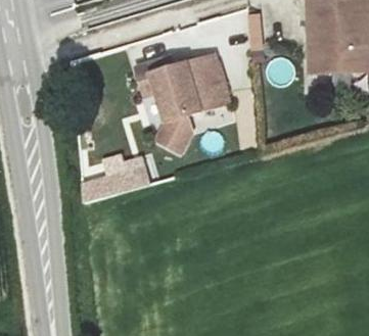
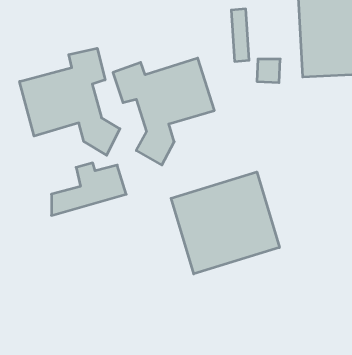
building: none -> [20,48,120,155]
building: none -> [171,172,279,274]

